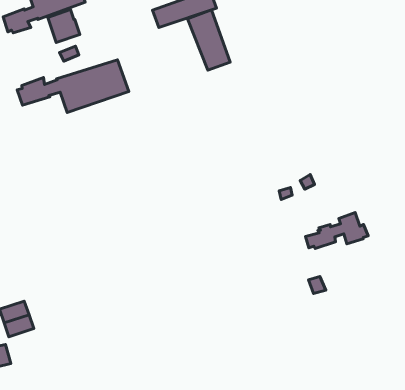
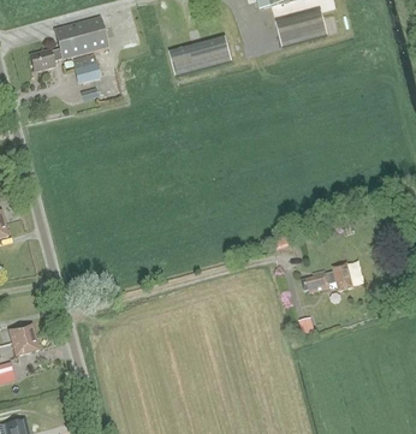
building: [188,10,230,70] -> none
building: [17,60,129,112] -> none

